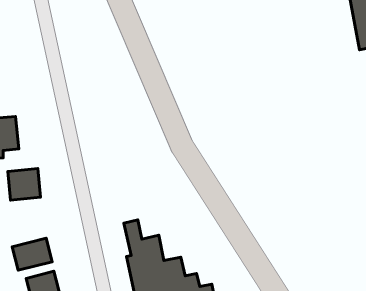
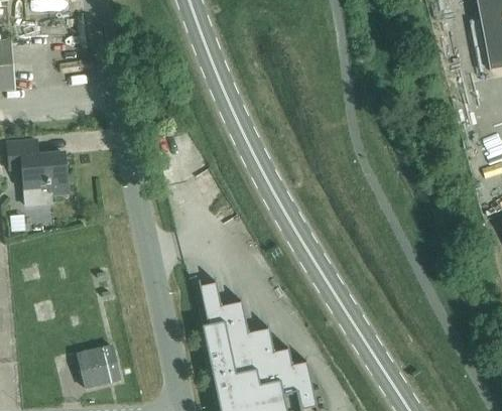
building: [8,168,40,200] -> none
building: [12,238,52,270] -> none

